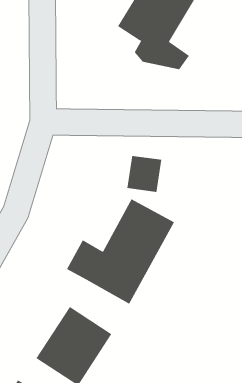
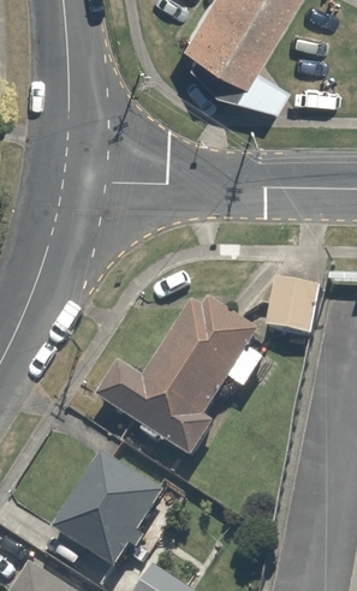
building: [127,155,162,192] -> [268,277,320,332]

